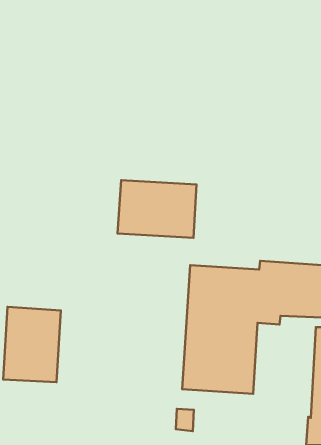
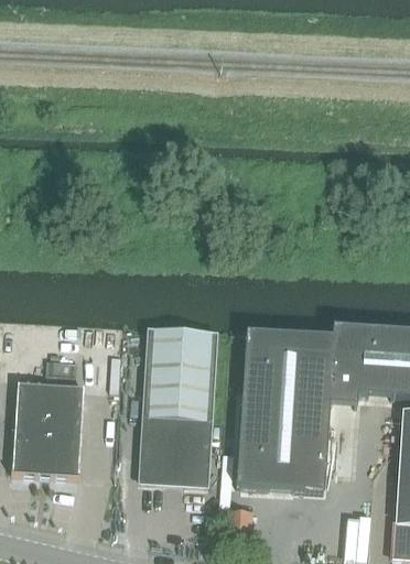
building: [118,180,196,238] -> none
building: none -> [141,326,216,482]

